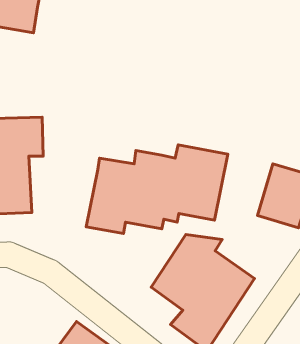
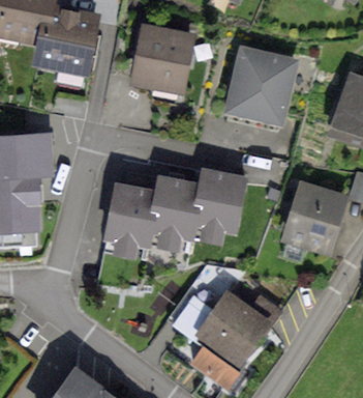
building: none -> [36,17,95,74]
building: none -> [129,29,192,92]
building: none -> [224,50,297,129]

